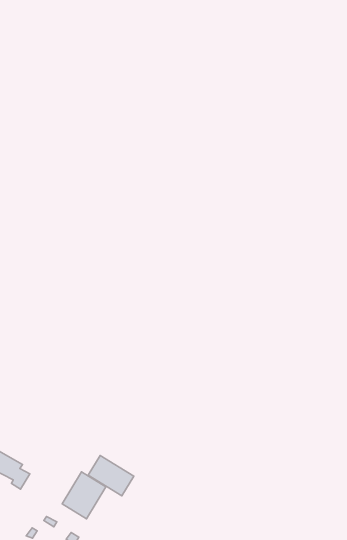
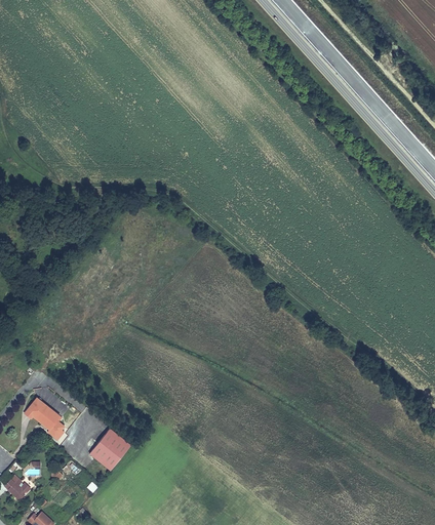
building: [88,456,134,496] -> none

